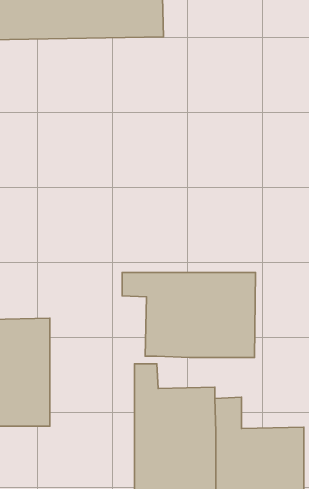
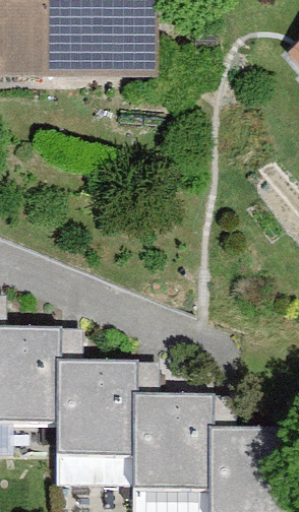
building: [122,272,255,357] -> none
building: none -> [47,331,124,451]

